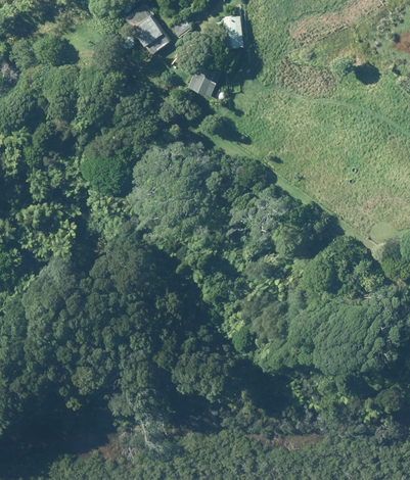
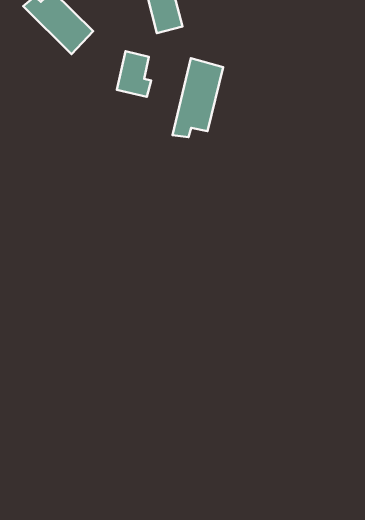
building: none -> [173,58,223,137]

